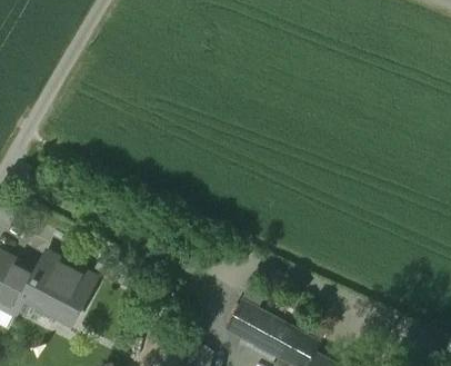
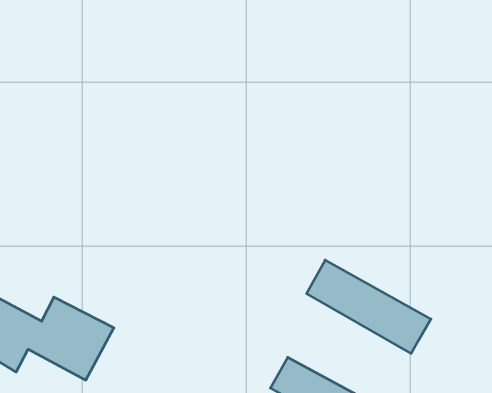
building: none -> [307,260,431,353]

